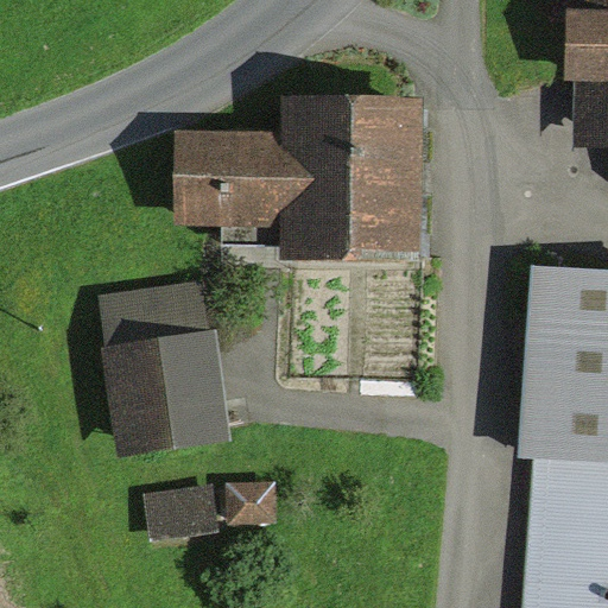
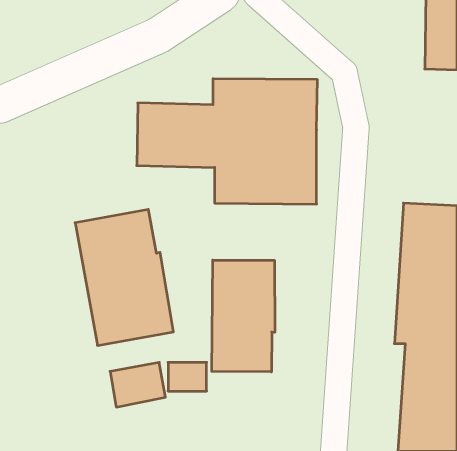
building: none -> [212,260,275,372]

